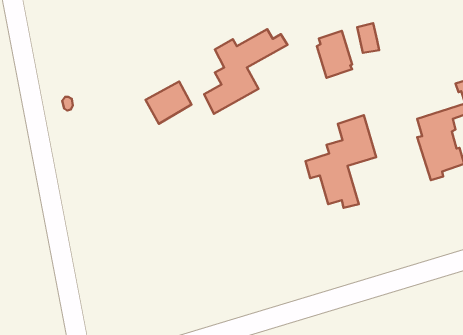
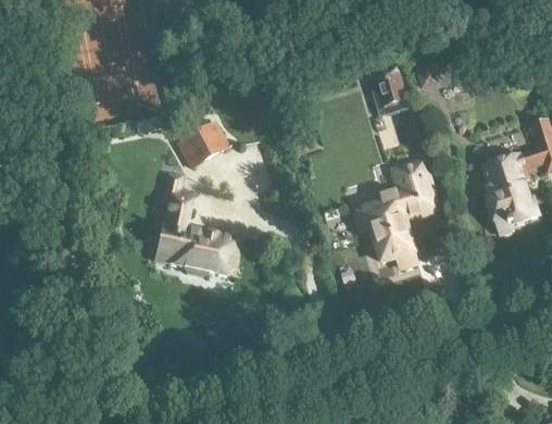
building: [204,29,288,114] -> none
building: none -> [155,174,241,277]

